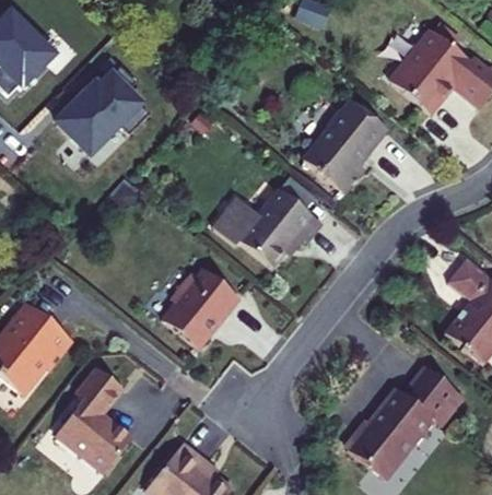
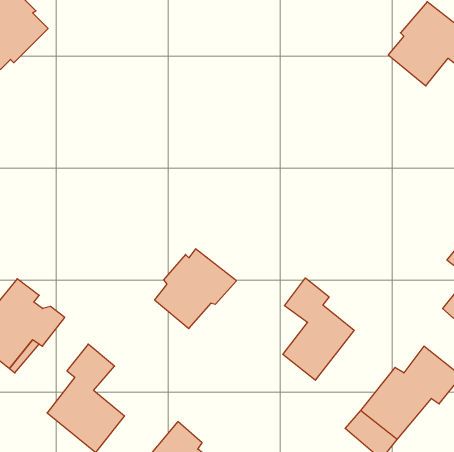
building: [55,69,148,155] -> none
building: [305,99,389,191] -> none
building: [214,188,323,266] -> none
building: none -> [283,278,354,380]

